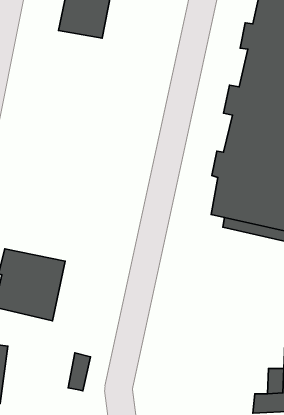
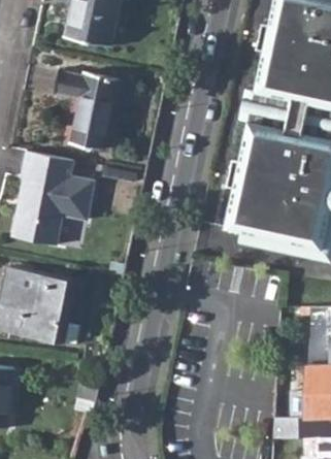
building: none -> [56,70,117,147]
building: none -> [12,147,97,242]

